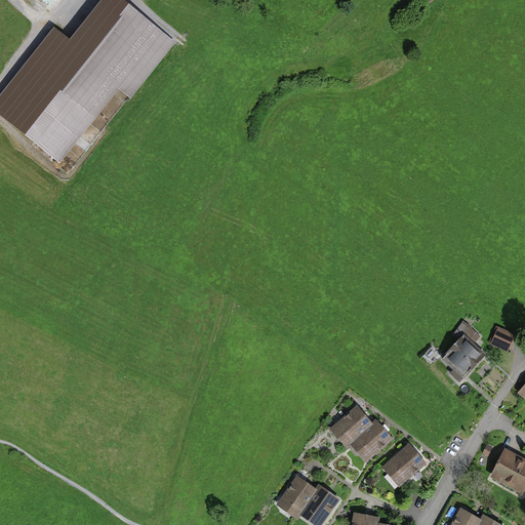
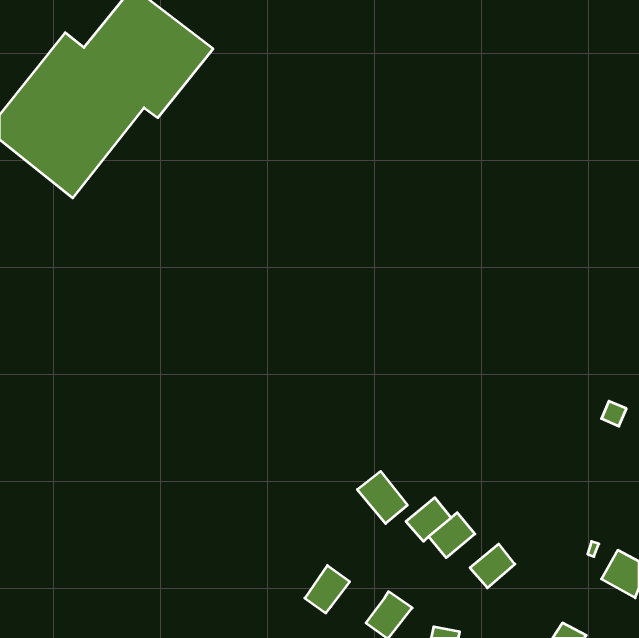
building: [442,335,481,374] -> none
building: none -> [357,471,407,524]
building: [278,476,315,515] -> [305,565,350,613]

